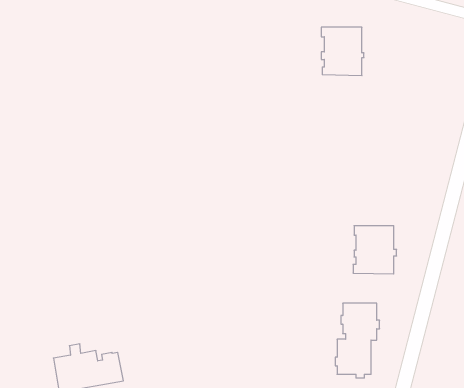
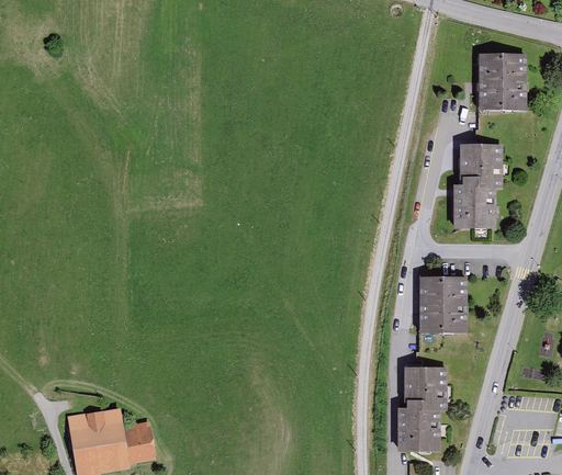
building: [321,27,364,76] -> [476,55,526,111]
building: none -> [451,146,503,231]

